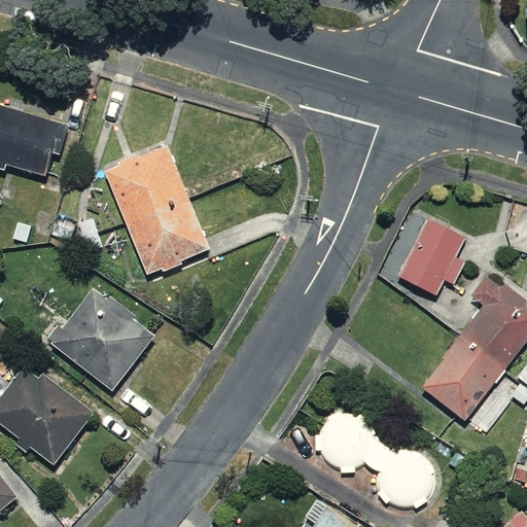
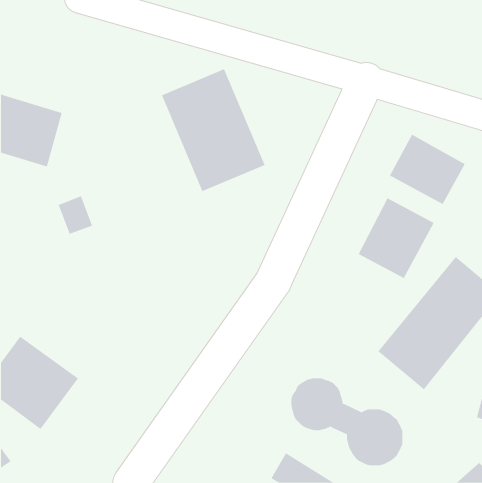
building: [102,144,215,278] -> [161,69,265,192]
building: none -> [389,134,465,205]
building: [47,287,154,392] -> none

